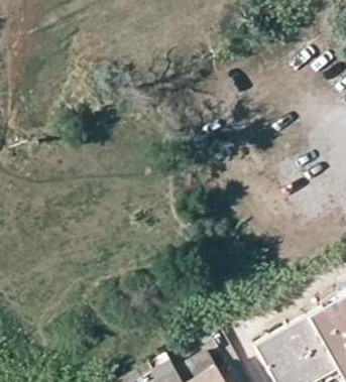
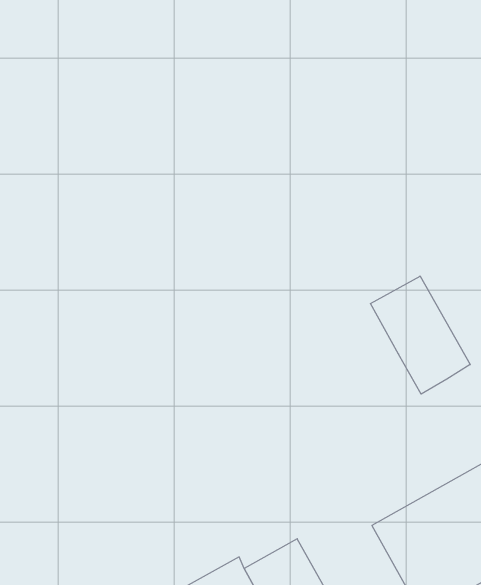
building: none -> [370,276,470,394]

